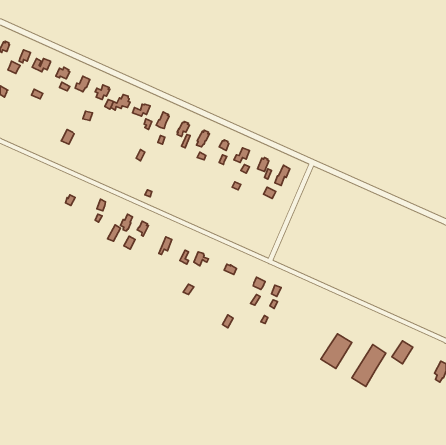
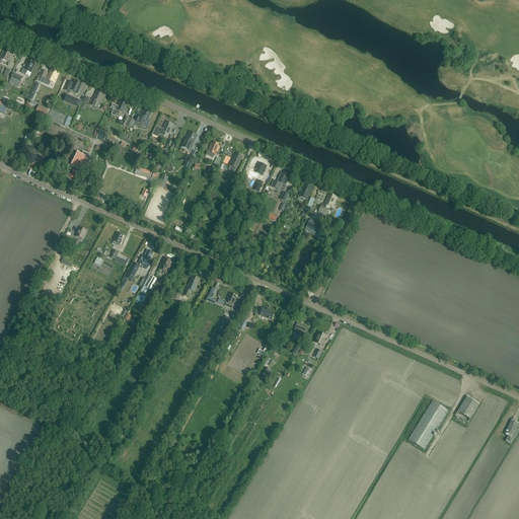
building: [321,334,352,369] -> none

